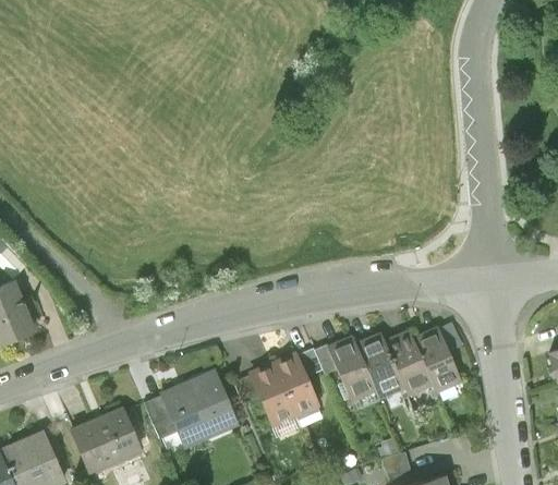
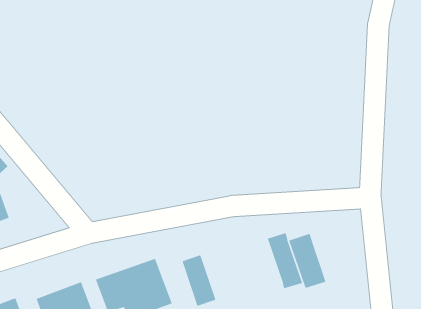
building: [413,328,462,395] -> none
building: [325,331,377,403] -> none
building: [272,352,320,419] -> none

